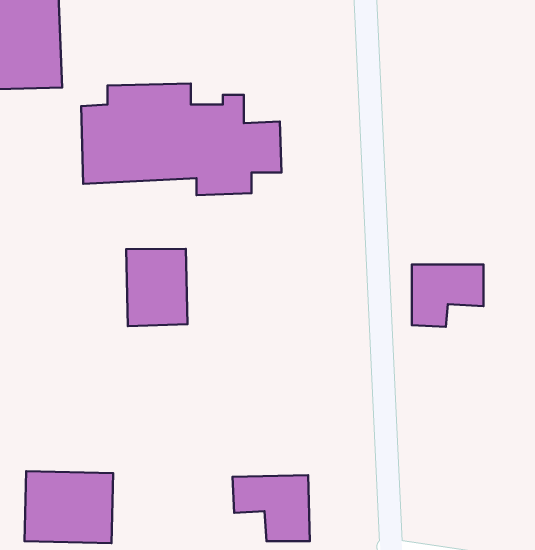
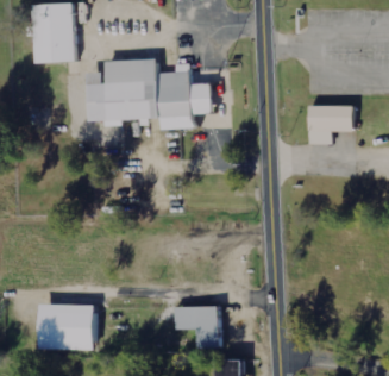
building: [126,249,187,326] -> none
building: [412,265,484,327] -> [316,104,362,143]

